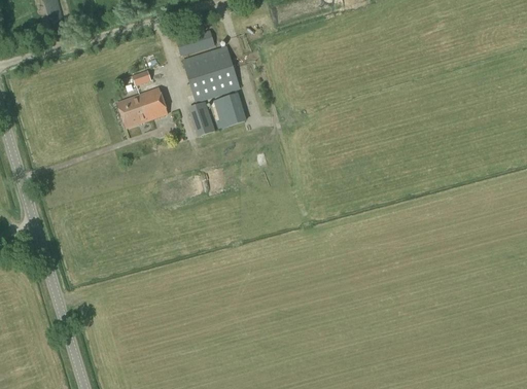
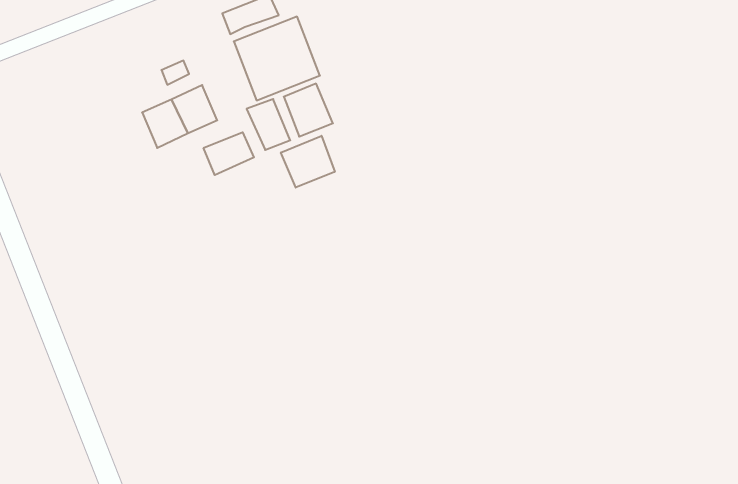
building: none -> [204,132,254,175]
building: none -> [281,136,335,188]

